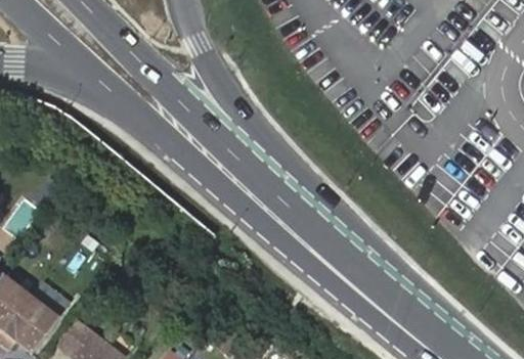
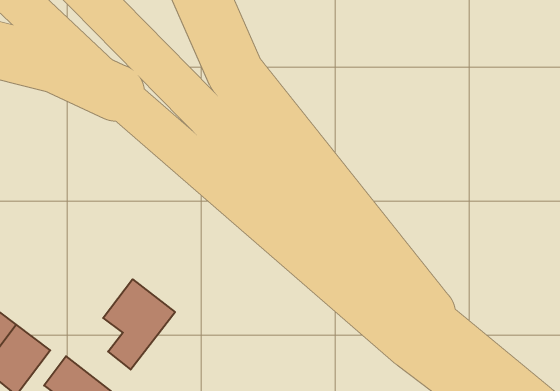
building: none -> [103,279,175,370]

